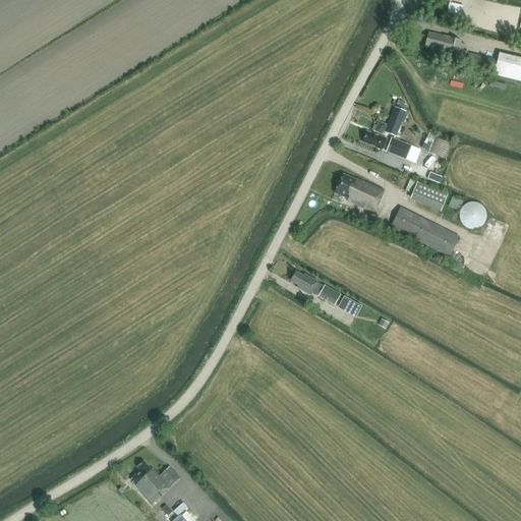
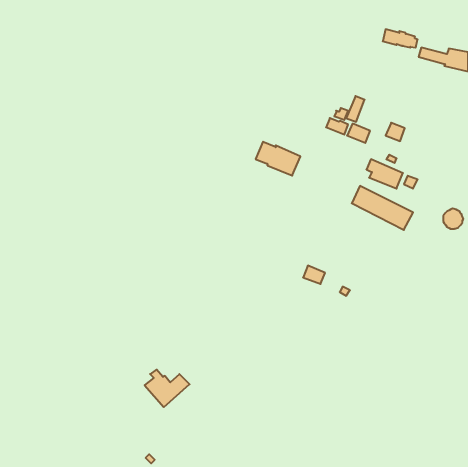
building: [334,174,384,212] -> [256,142,300,176]
building: [465,204,487,226] -> [443,209,463,229]
building: [290,271,340,304] -> none
building: [130,461,180,503] -> [145,370,190,407]

